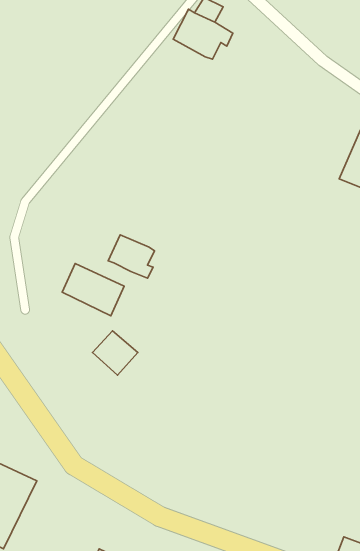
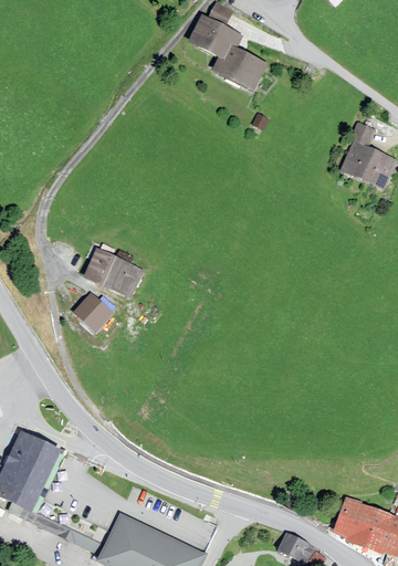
building: none -> [211,43,269,91]
building: [108,235,154,278] -> none
building: [92,331,138,375] -> [73,292,115,333]

